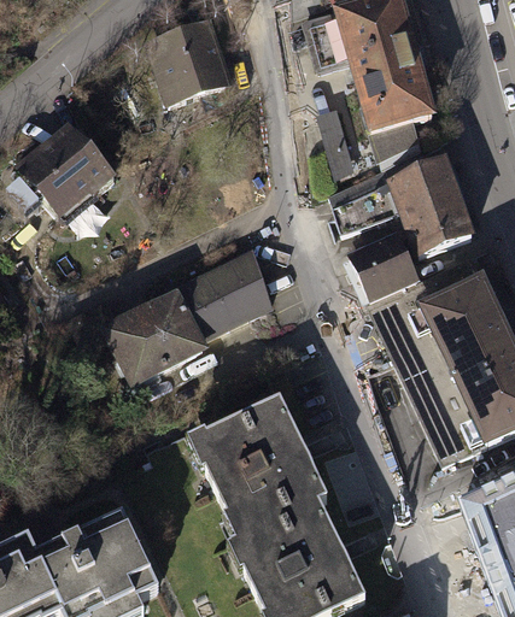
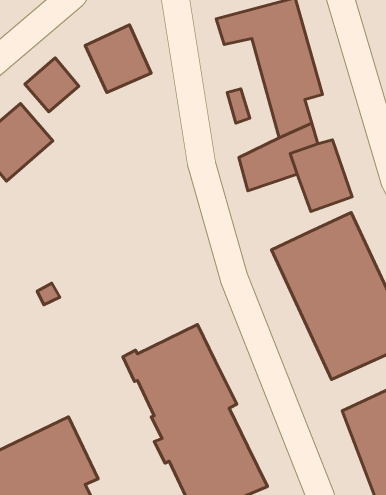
building: none -> [25,58,79,112]
building: [353,239,420,307] -> none
building: [100,247,276,388] -> none

